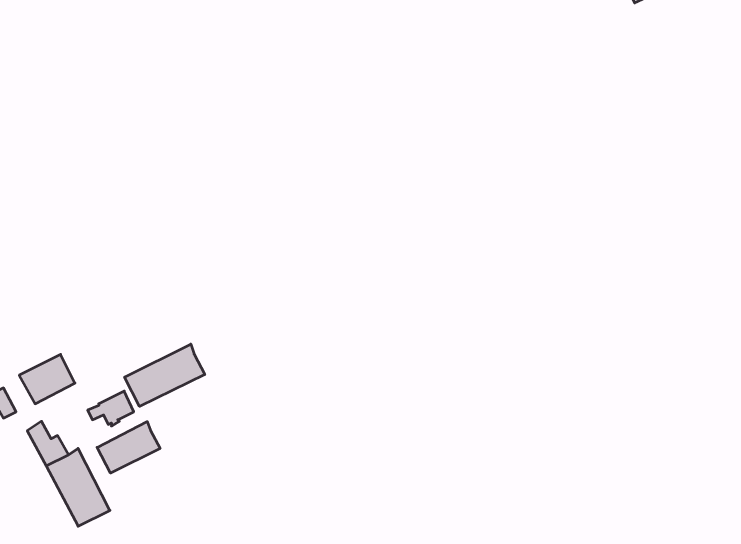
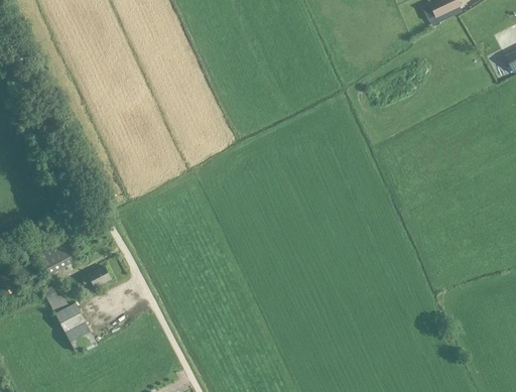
building: [125,344,205,406] -> none
building: [97,422,160,473] -> none

